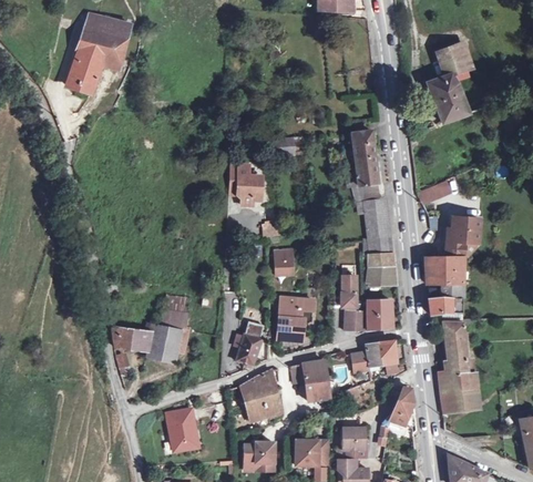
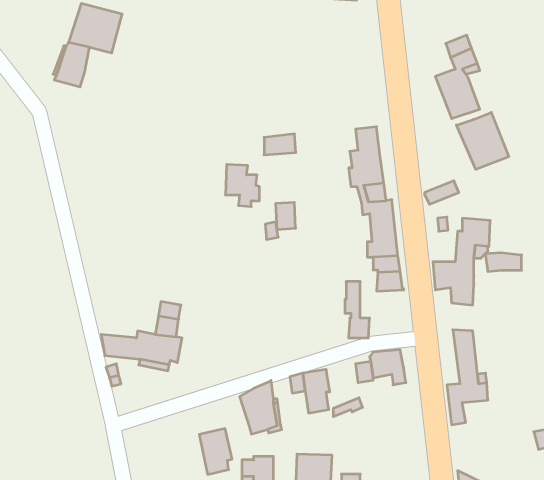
building: none -> [456,112,509,169]
building: [274,249,293,275] -> [276,202,296,229]
building: [428,296,462,314] -> [485,253,522,271]
building: [276,297,312,339] -> none
building: [367,299,392,329] -> none
building: [235,320,264,365] -> none
building: [380,387,412,437] -> none
building: [452,388,478,409] -> none
building: [165,410,196,453] -> [199,429,232,474]
building: [338,427,365,458] -> none

